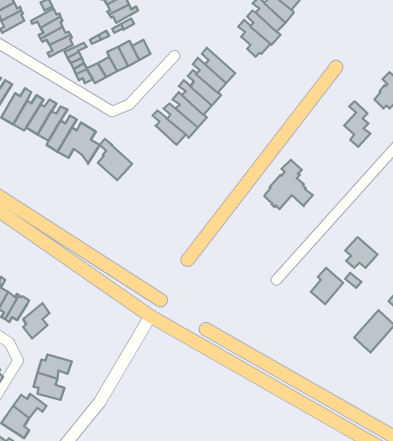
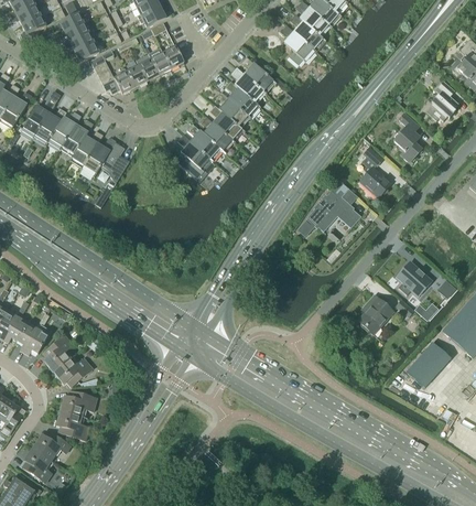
building: none -> [361,148,391,197]
building: [98,139,132,180] -> [174,133,212,179]
building: none -> [54,358,93,386]

